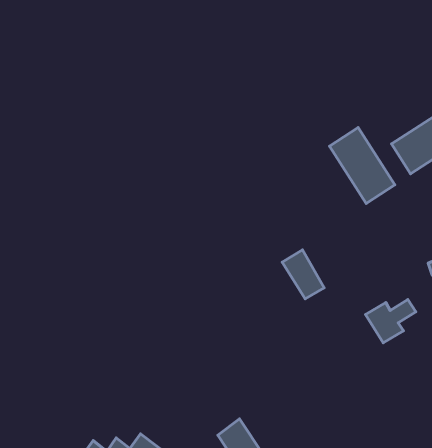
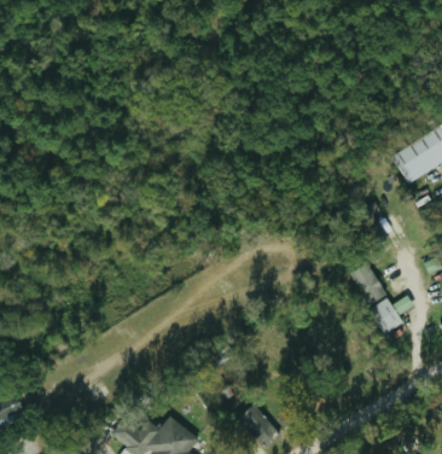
building: [329,128,395,203] -> none
building: [282,250,324,299] -> [349,262,386,305]

